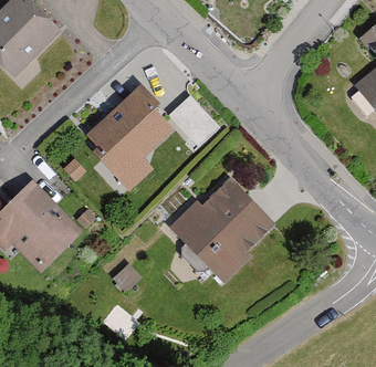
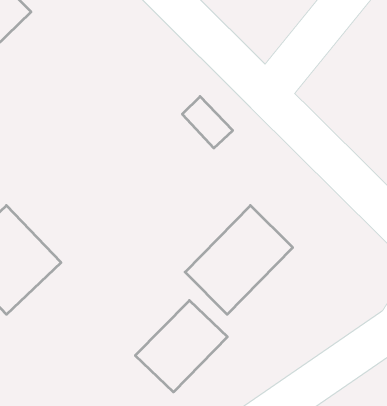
building: [93,92,173,169] -> none
building: none -> [135,300,227,392]

